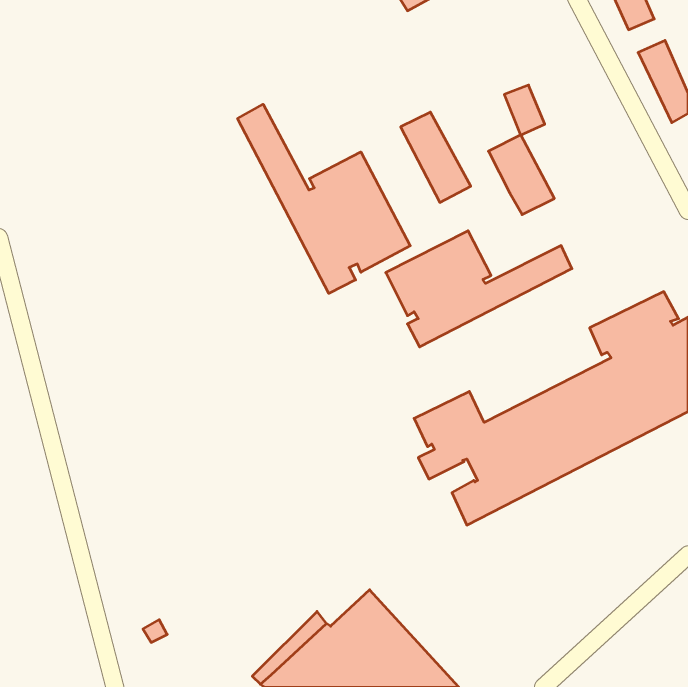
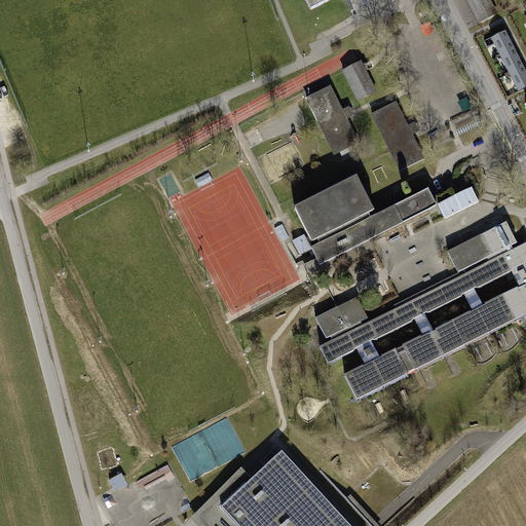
building: [504,85,545,135] -> [345,61,376,99]
building: [238,104,410,293] -> none
building: none -> [439,188,479,219]

